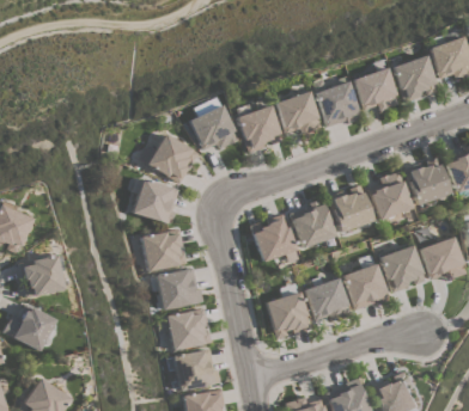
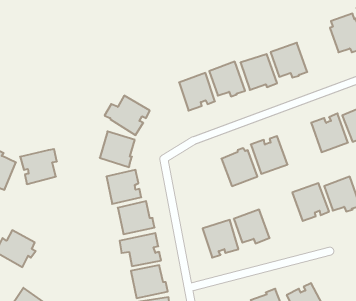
building: [391,55,437,103] -> none
building: [189,105,238,151] -> none
building: [367,171,412,220] -> none
building: [250,214,297,262] -> none
building: [16,254,62,299] -> [20,149,57,184]
building: [343,263,389,309] -> none

